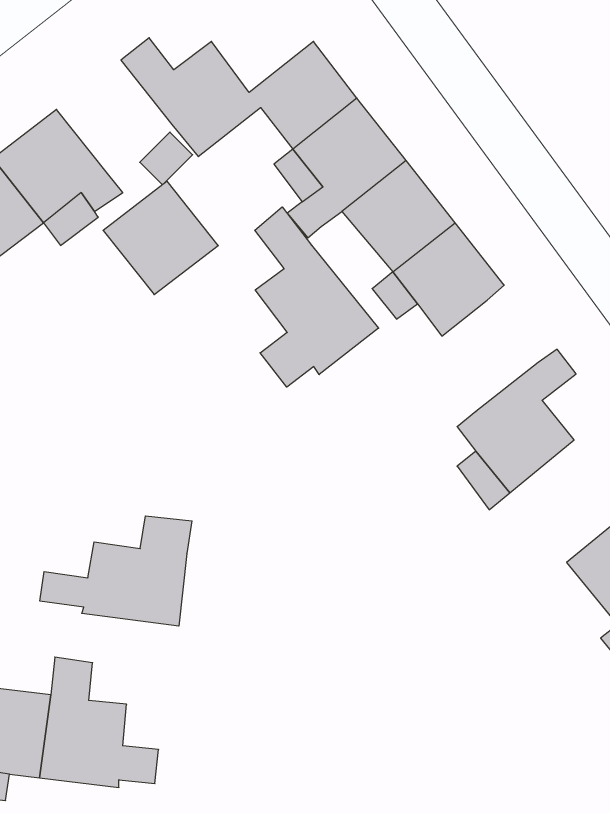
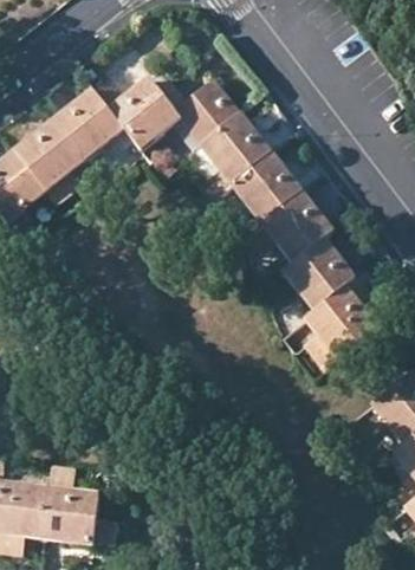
building: [103,181,218,295] -> [52,89,124,160]
building: [255,207,379,387] -> none
building: none -> [284,239,354,309]
building: [40,516,192,626] -> none

